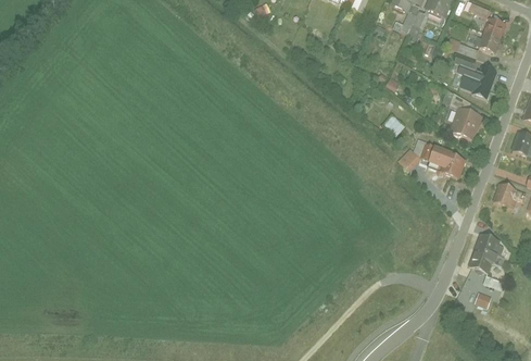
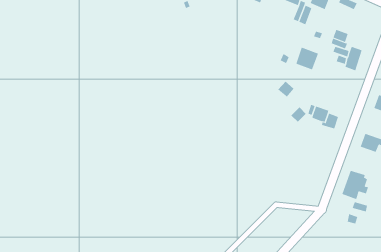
building: [478,16,506,51] -> none
building: [451,107,482,138] -> [296,47,319,70]

